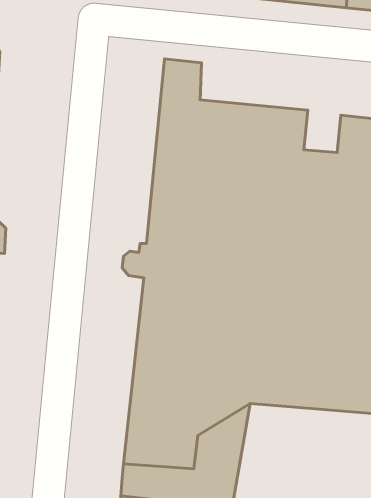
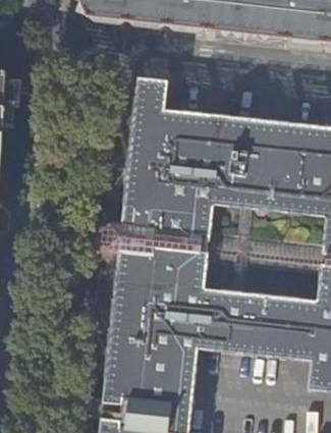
building: none -> [247,117,277,151]

